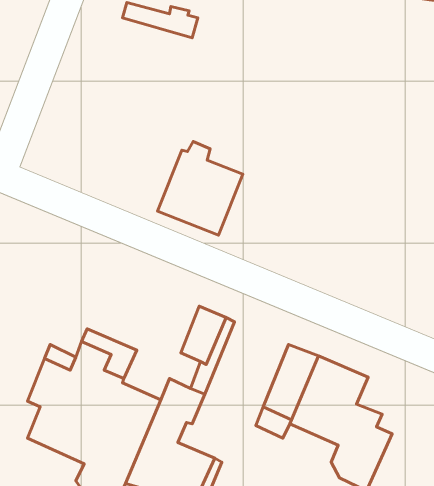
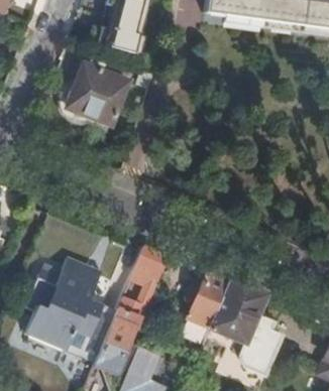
building: [158,142,243,235] -> [68,57,128,124]

